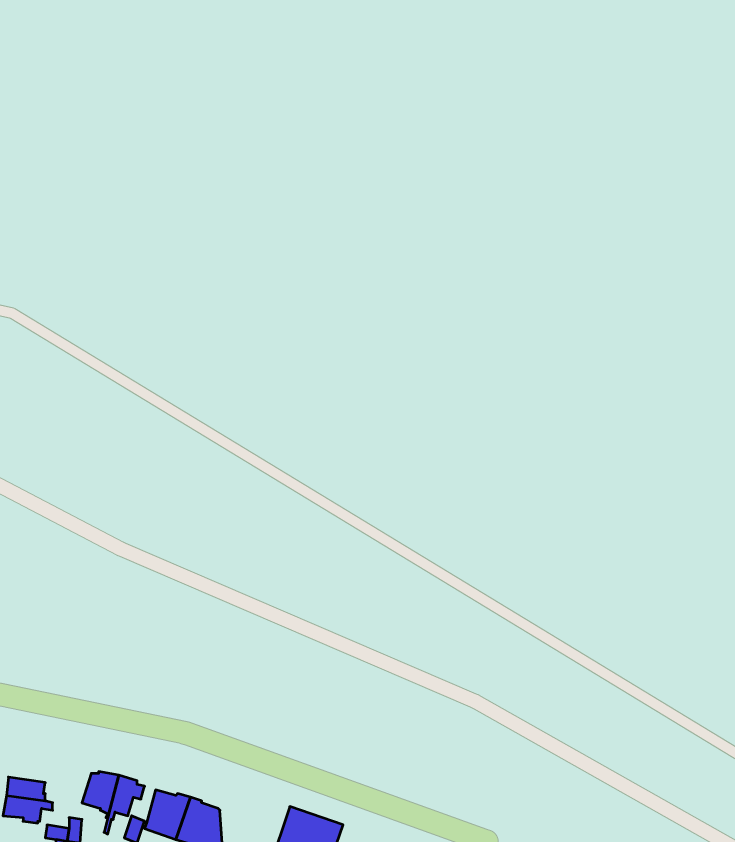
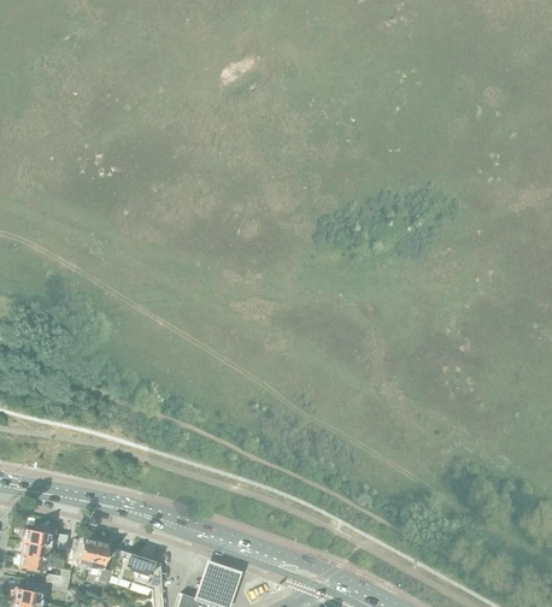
building: none -> [24,526,70,550]

